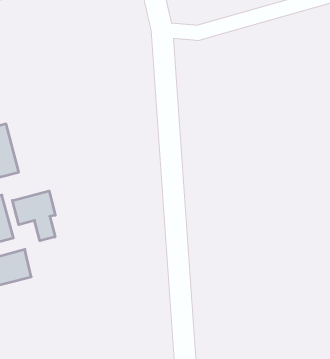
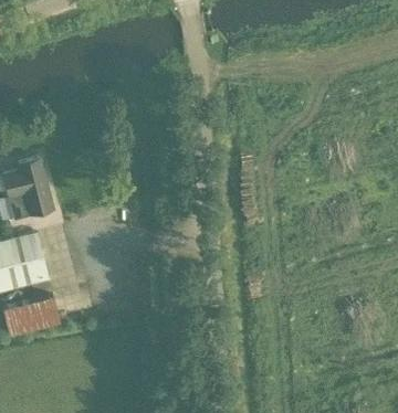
building: [12,191,55,241] -> none

